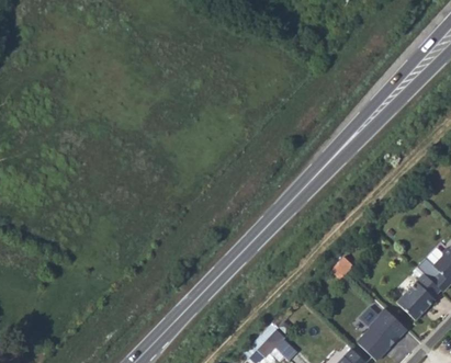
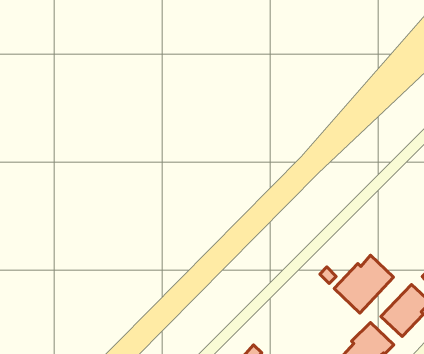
building: none -> [334,255,393,313]

